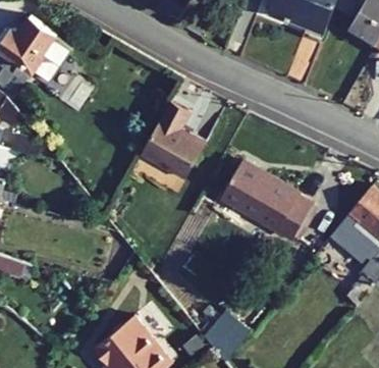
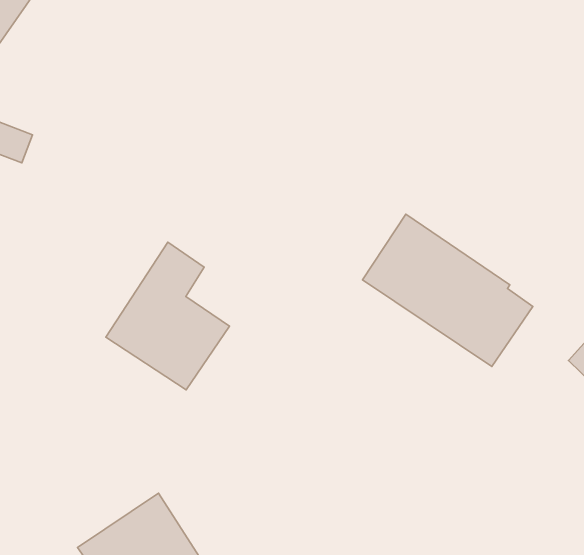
building: [147,100,211,176] -> [106,242,230,390]

